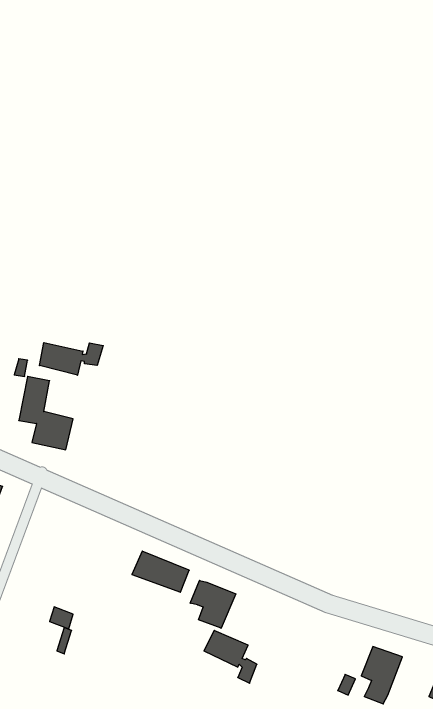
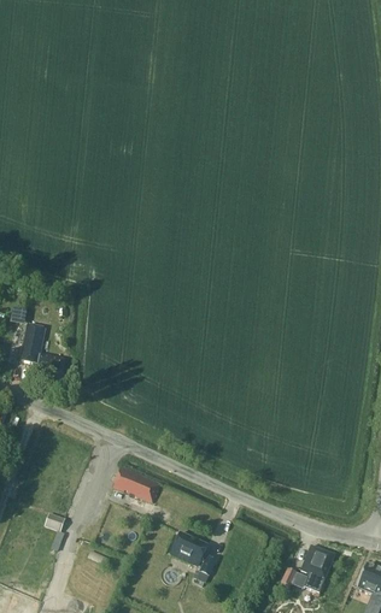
building: [39,343,103,375] -> none
building: [190,580,236,628] -> none

